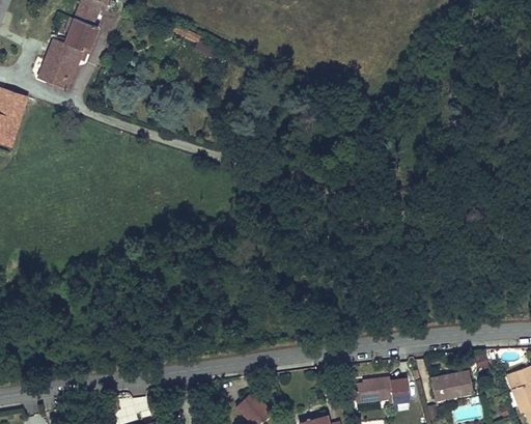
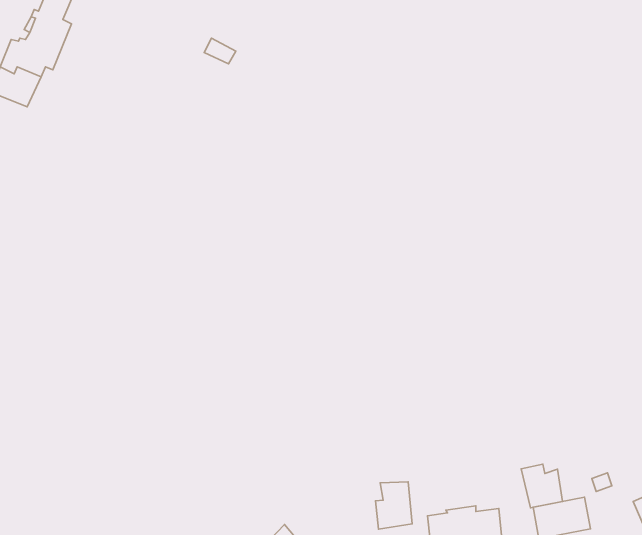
building: none -> [521,464,563,508]
building: none -> [375,482,412,529]

